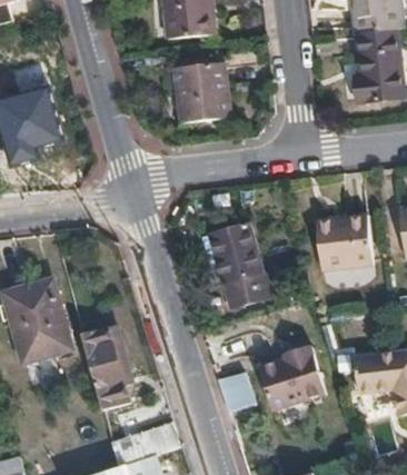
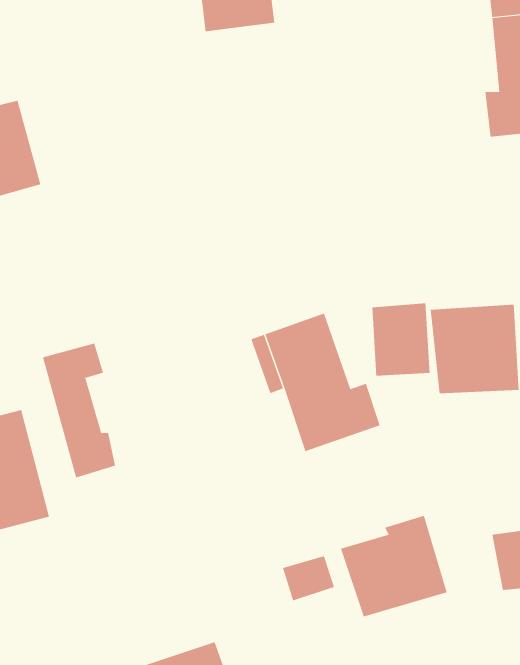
building: [171,65,230,125] -> none
building: none -> [372,302,430,376]
building: [85,329,131,415] -> [42,343,116,478]

